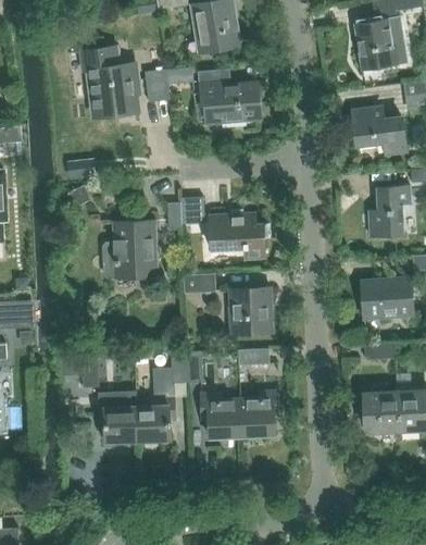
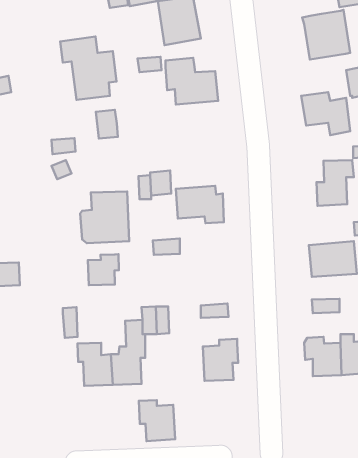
building: [145,70,170,102] -> [96,110,118,139]
building: [228,288,273,333] -> none
building: none -> [88,254,119,285]
building: [201,392,242,438] -> [139,400,175,441]

